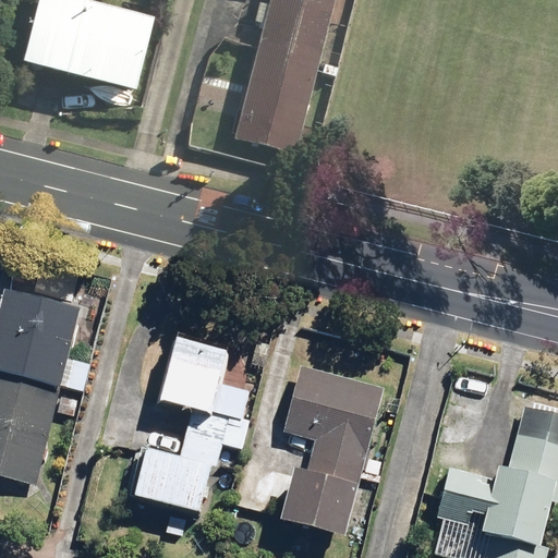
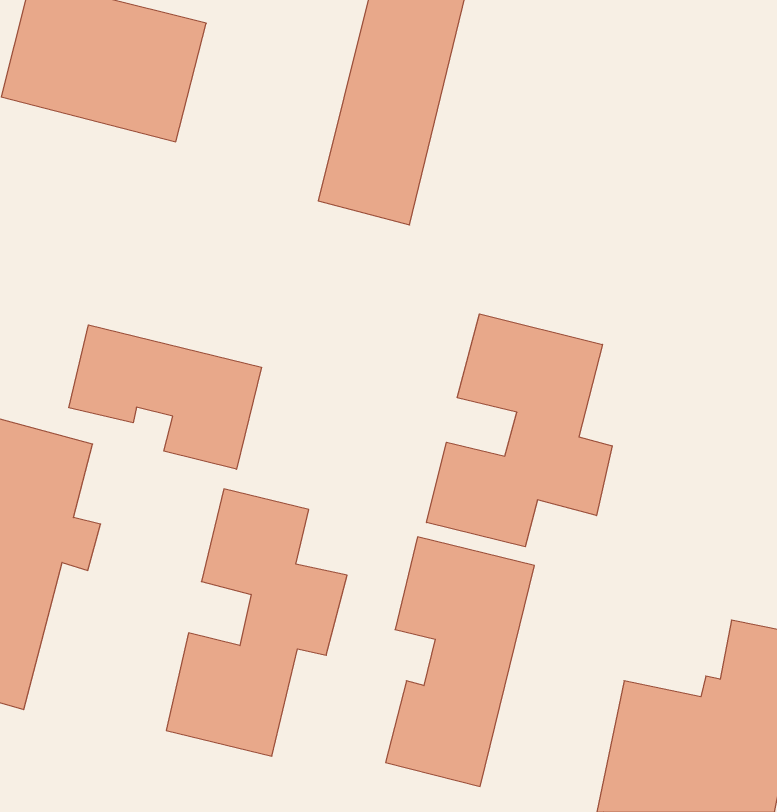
building: none -> [427,314,612,547]
building: none -> [69,325,261,469]

